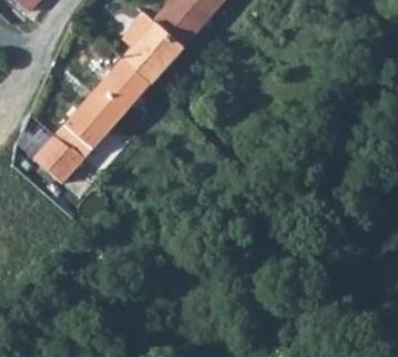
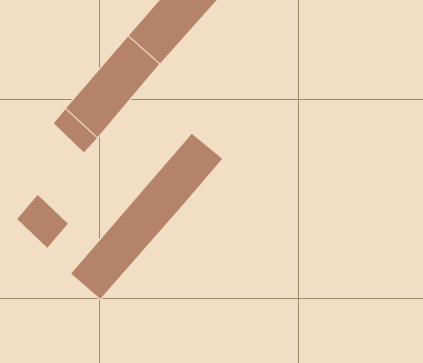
building: [35,134,82,183] -> [16,194,69,249]
building: none -> [70,133,223,300]

